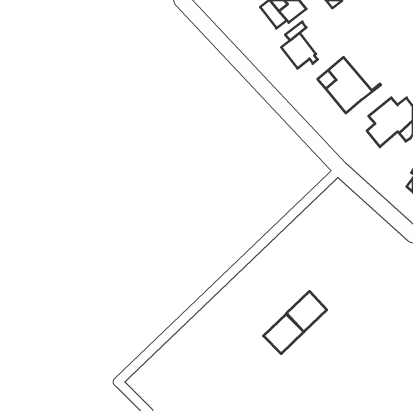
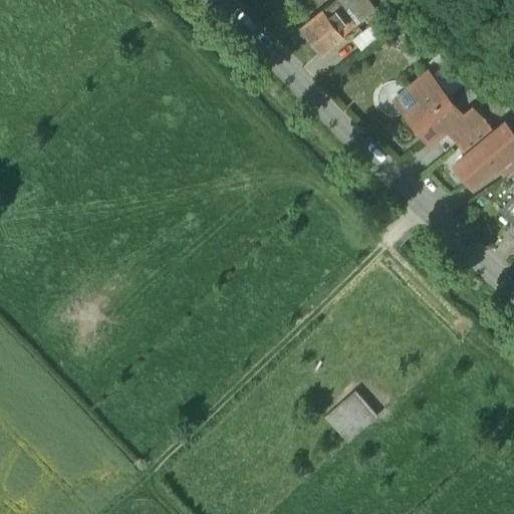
building: [281,33,318,68] -> [300,11,345,55]
building: none -> [445,107,486,147]
building: [287,291,327,332] -> none

